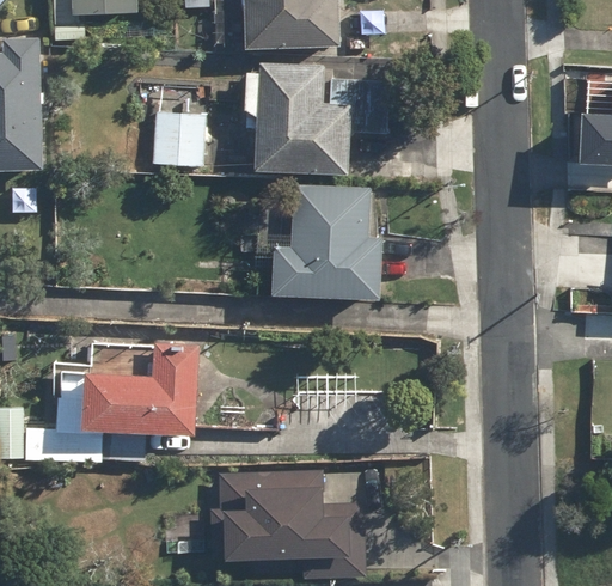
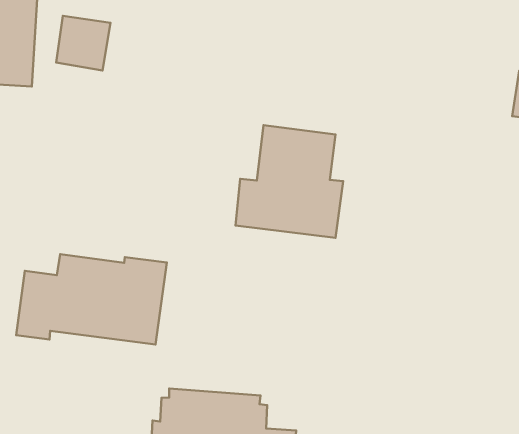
building: [243,66,385,175] -> none
building: [149,116,203,170] -> [56,16,110,70]

